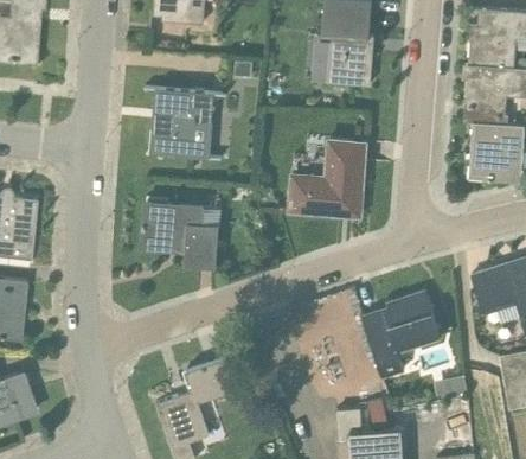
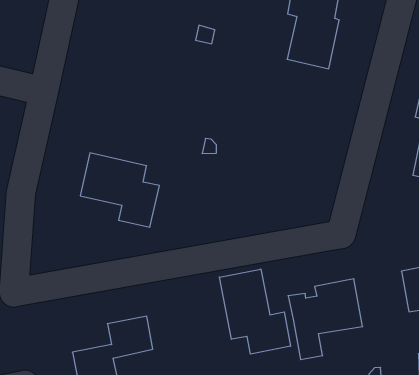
building: [145,88,214,160] -> none
building: [289,139,366,216] -> none
building: none -> [219,269,291,354]

